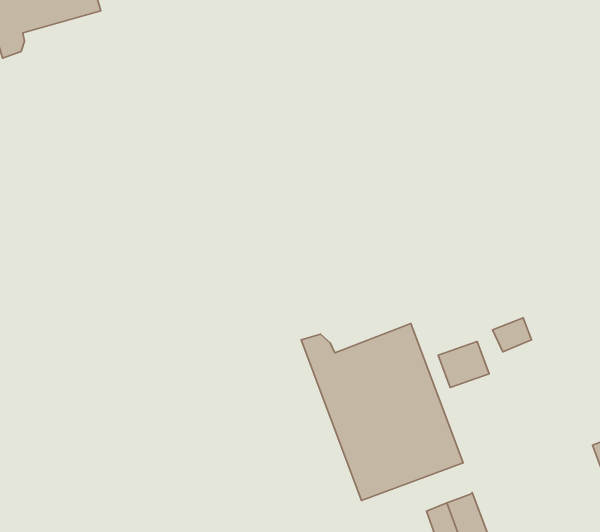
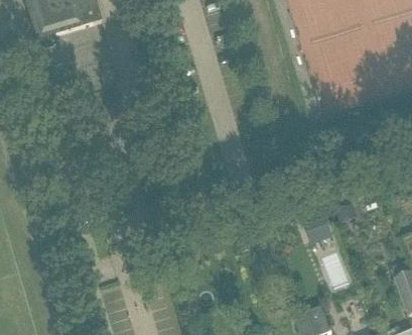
building: [301,324,463,500] -> none

